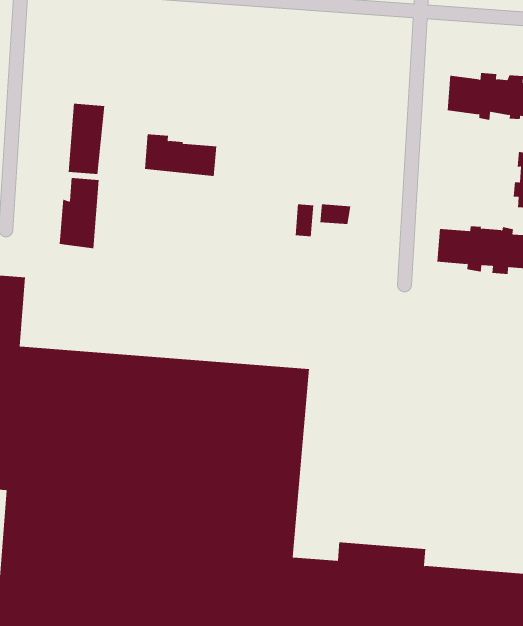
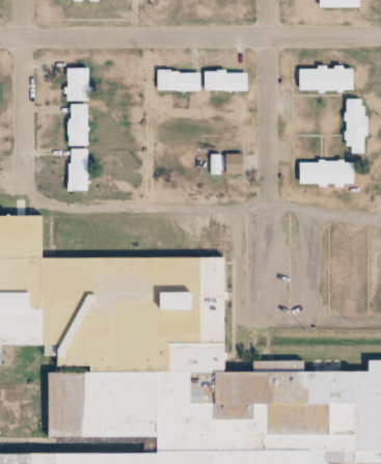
building: none -> [66,70,87,103]
building: none -> [205,71,247,92]
building: [144,134,217,176] -> [157,70,200,92]

